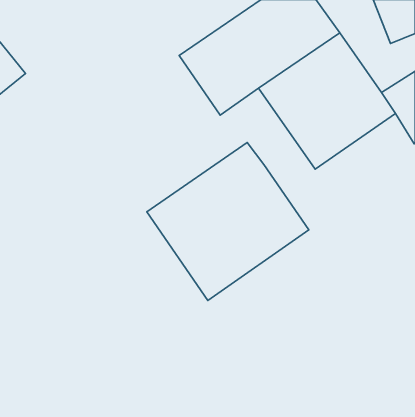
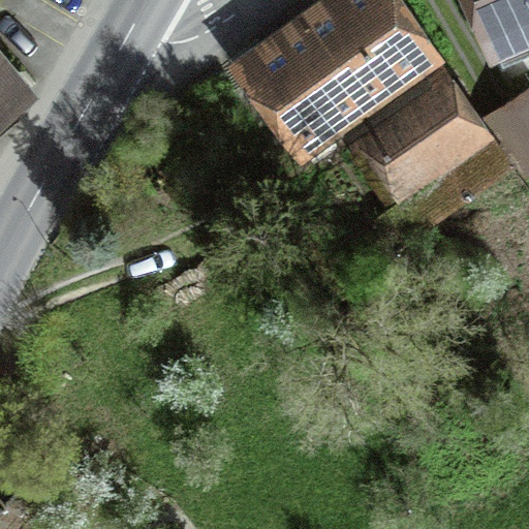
building: [147,142,309,300] -> none

